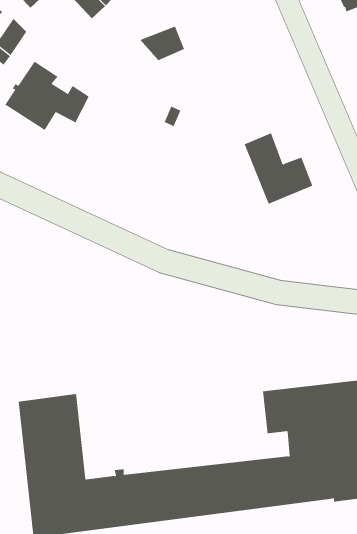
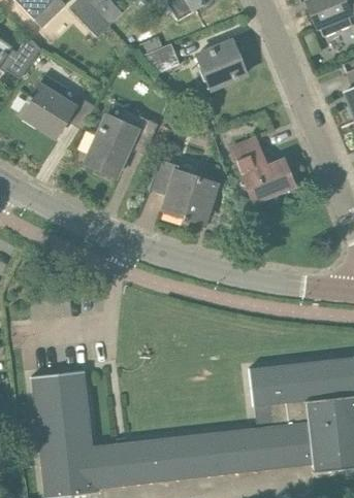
building: none -> [194,40,249,89]
building: none -> [87,109,157,171]
building: none -> [148,159,216,223]

